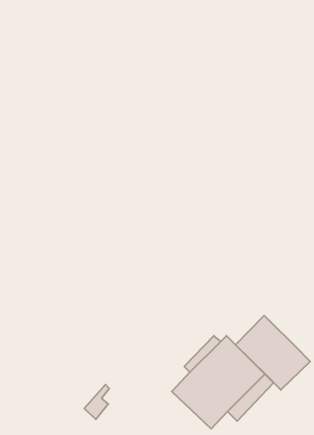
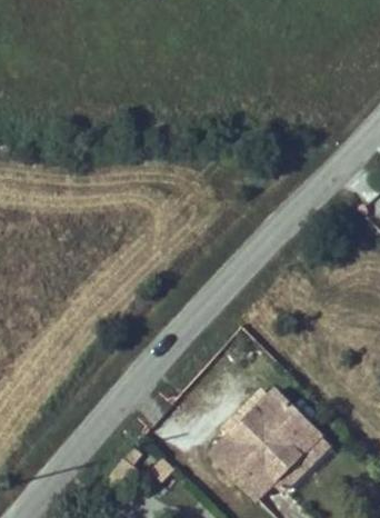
building: [236,316,310,390] -> none

